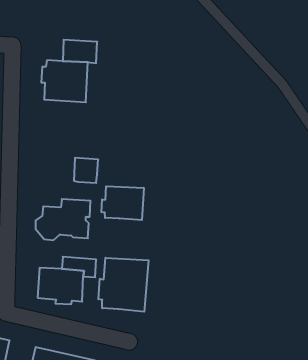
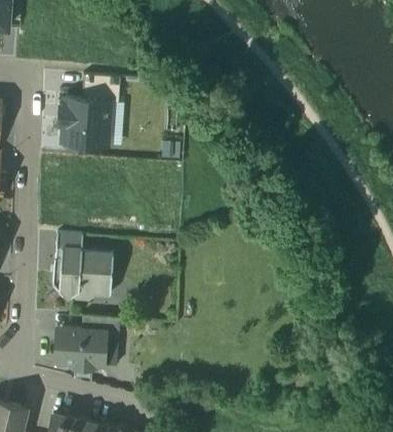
building: [74,158,98,183] -> [56,234,83,262]
building: [102,186,144,220] -> none
building: [98,258,149,312] -> none

